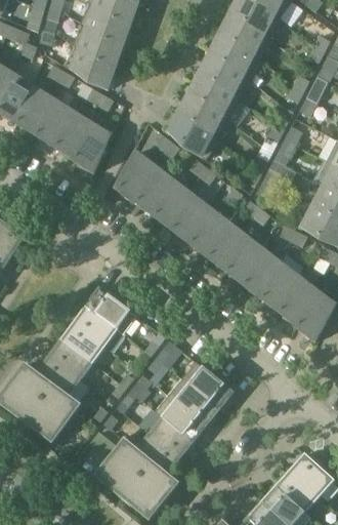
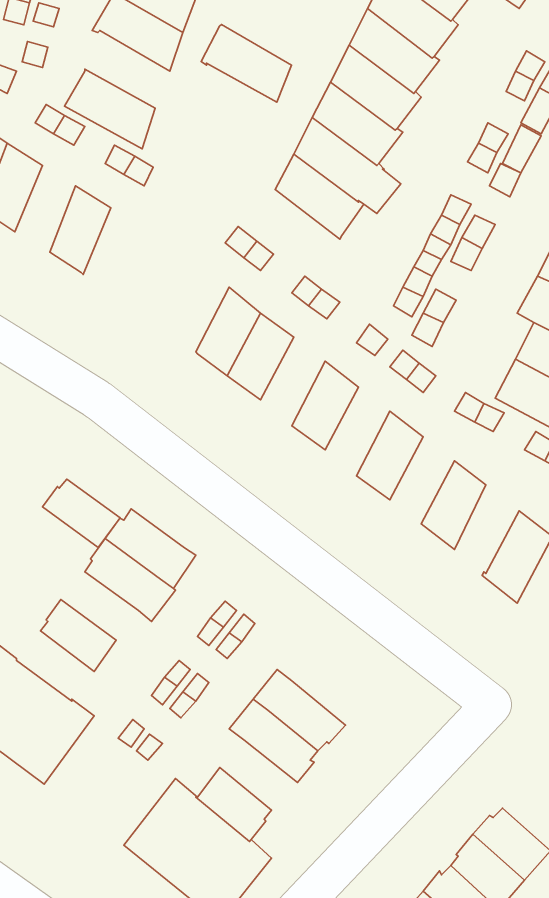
building: [72,24,122,67] -> [201,24,292,102]
building: [36,98,70,147] -> none
building: [170,112,220,160] -> none
building: [72,122,109,173] -> none
building: [117,152,155,204] -> none
building: [172,194,208,243] -> none
building: [208,221,244,271] -> none
building: [244,249,280,297] -> none
building: [280,276,315,325] -> none
building: [61,324,104,362] -> [43,479,120,547]
building: [37,357,80,396] -> none
building: [181,362,231,409] -> none
building: [138,409,193,456] -> none

